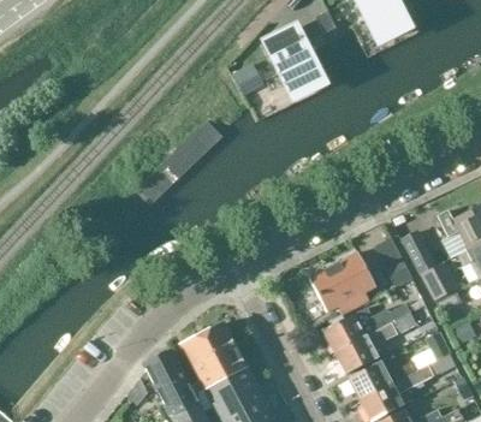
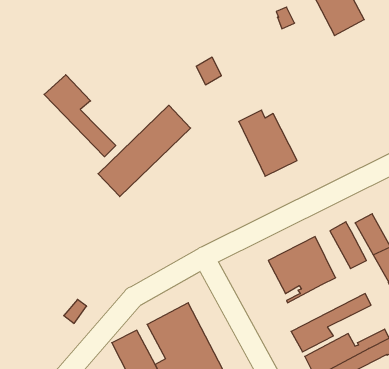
building: [266,28,327,97] -> [239,110,297,176]
building: none -> [44,75,116,157]
building: [322,298,426,352] -> none

